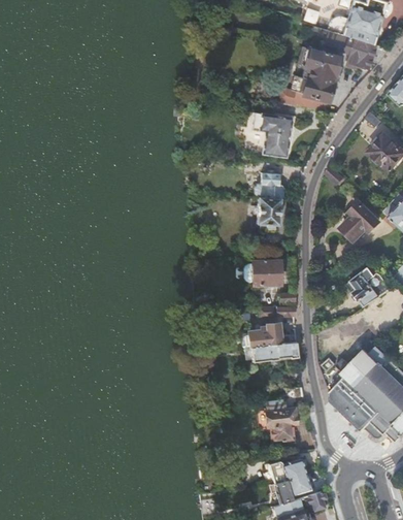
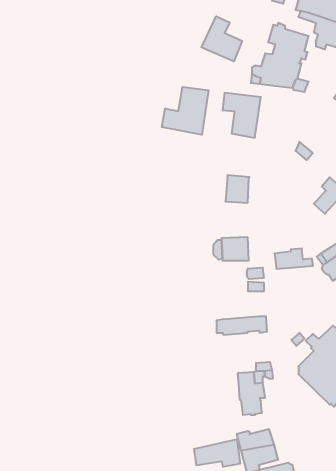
building: none -> [201,16,242,61]
building: none -> [162,87,209,135]
building: [256,173,284,200] -> none
building: [251,324,291,345] -> [274,248,313,269]
building: none -> [194,439,240,467]

